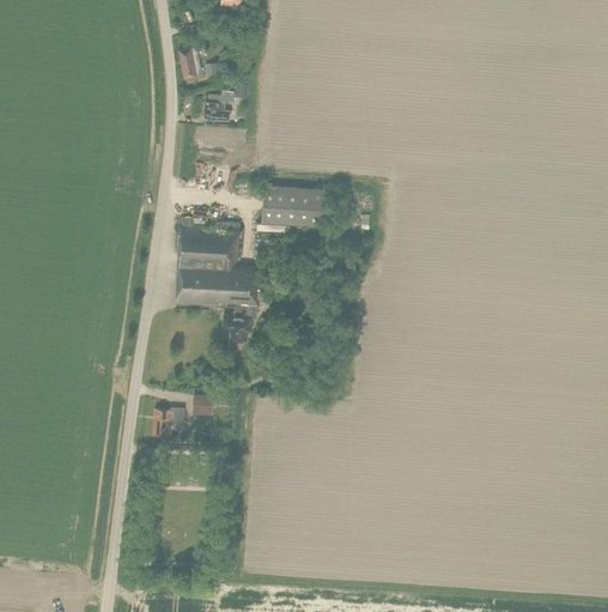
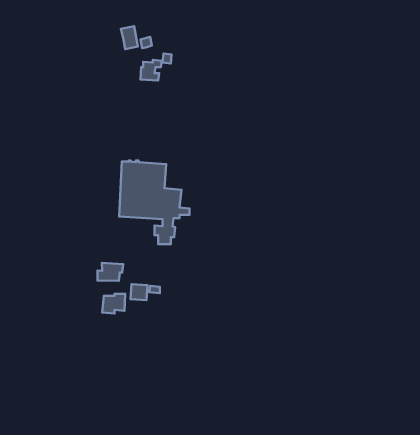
building: [261,184,326,228] -> none
building: none -> [97,263,123,281]

